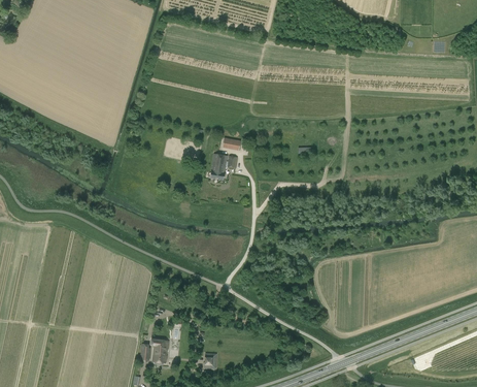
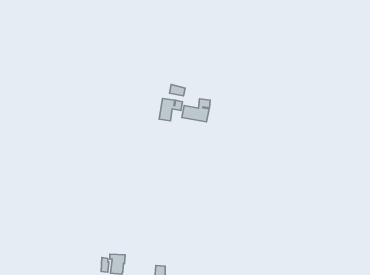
building: none -> [182,99,210,122]

